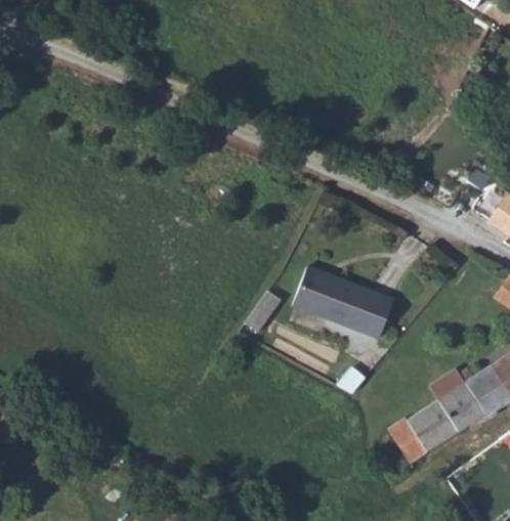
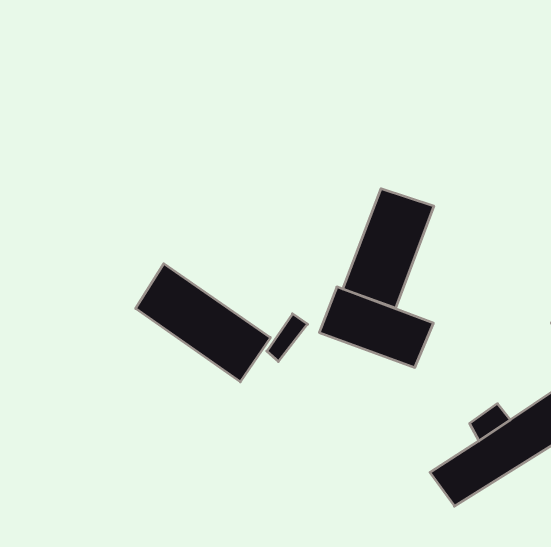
building: none -> [343,189,434,308]
building: none -> [136,264,270,382]

